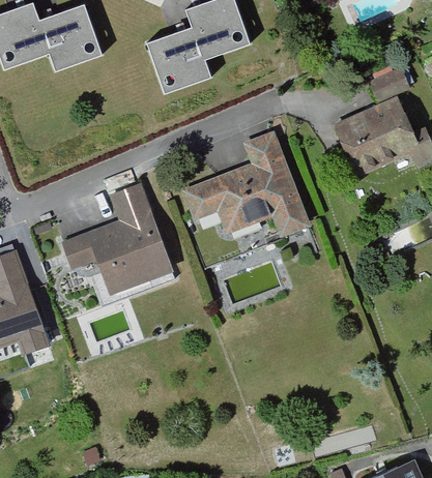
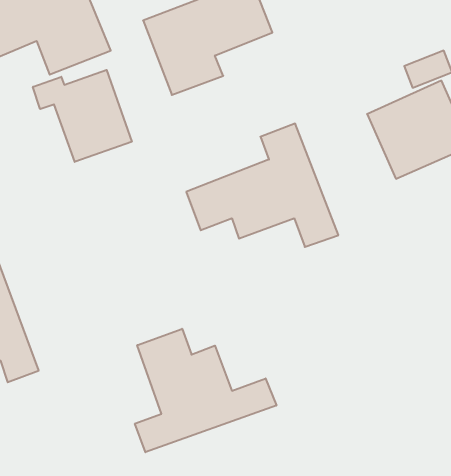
building: none -> [33,70,132,162]
building: [62,179,175,296] -> none
building: none -> [135,329,276,452]

